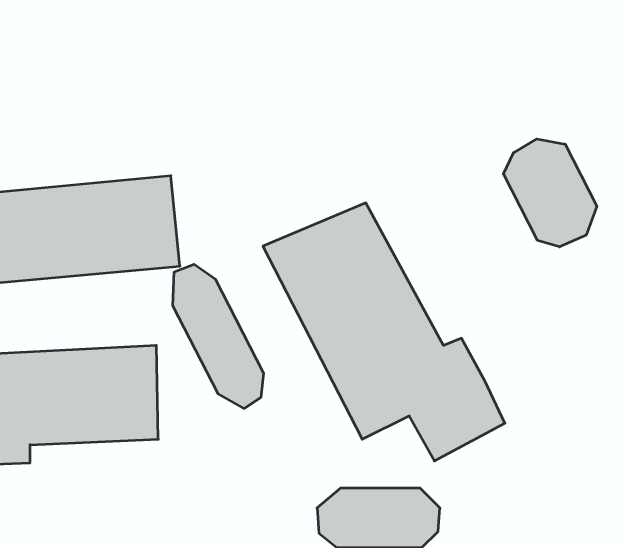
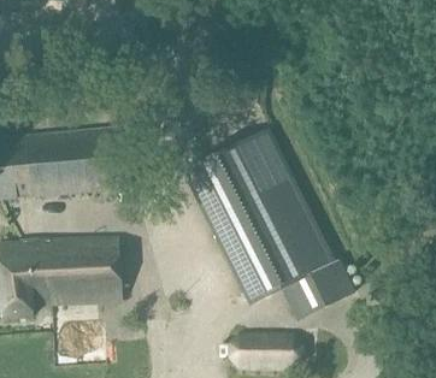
building: [503,139,597,247] -> none
building: [173,264,264,408] -> none

